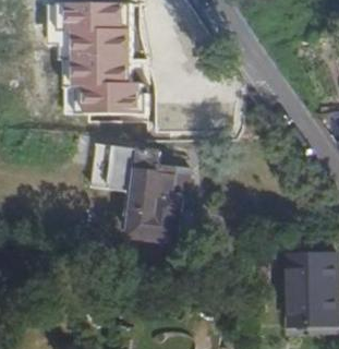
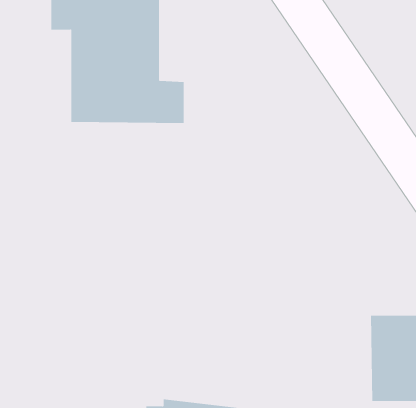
building: [92,144,190,241] -> none

